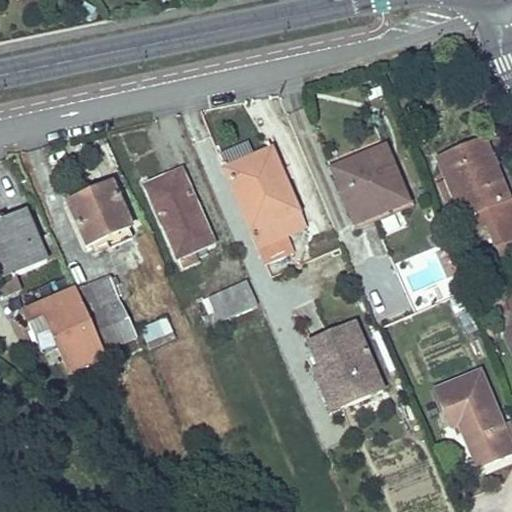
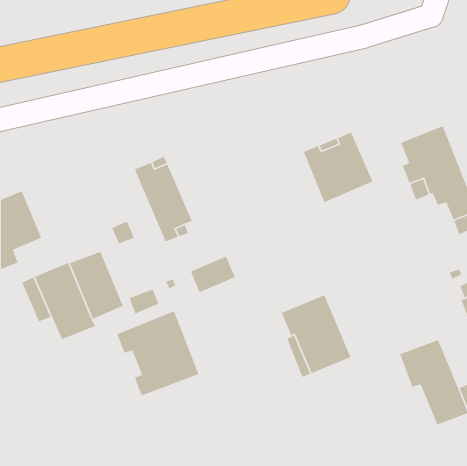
building: [220,139,304,260] -> none
building: [69,182,132,244] -> none
building: none -> [116,310,199,396]

